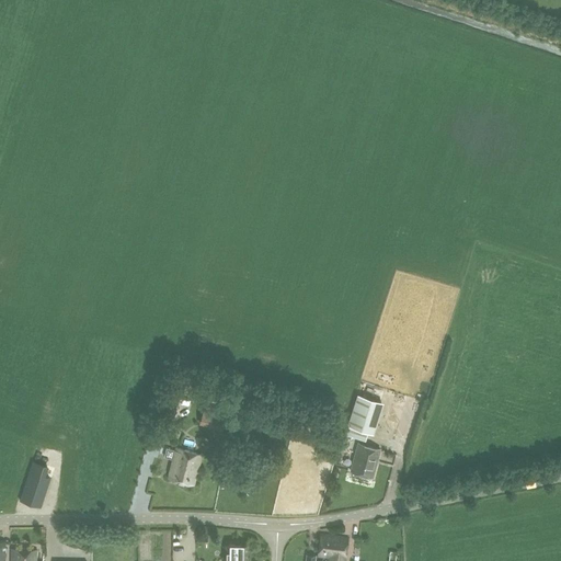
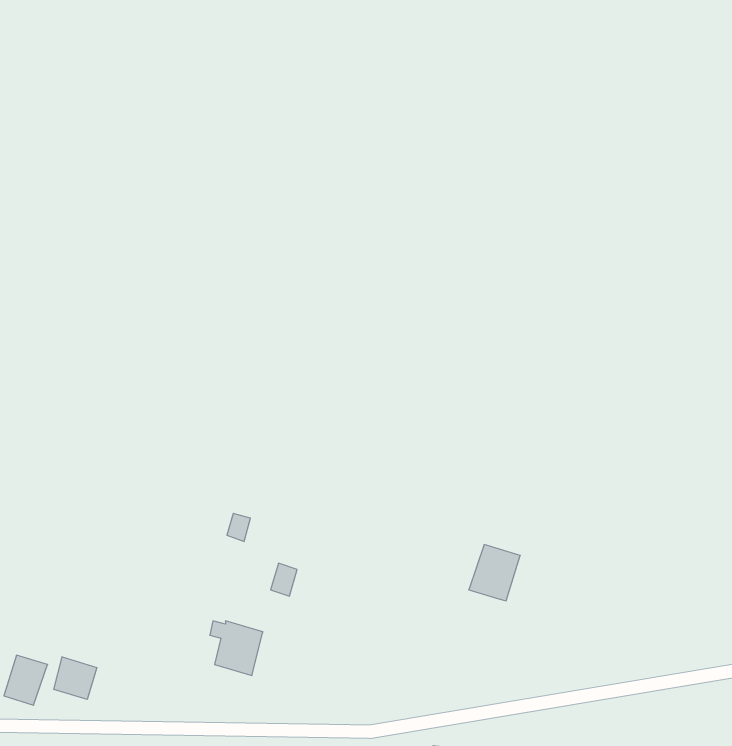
building: [350,445,380,479] -> none
building: none -> [54,657,97,699]

